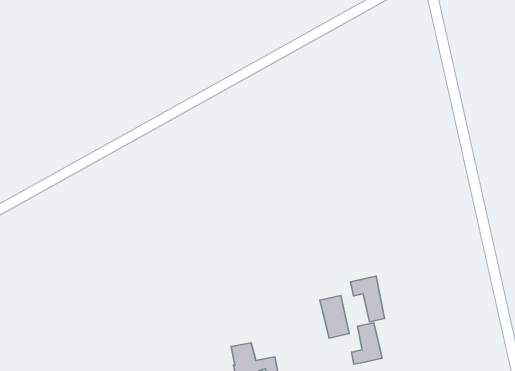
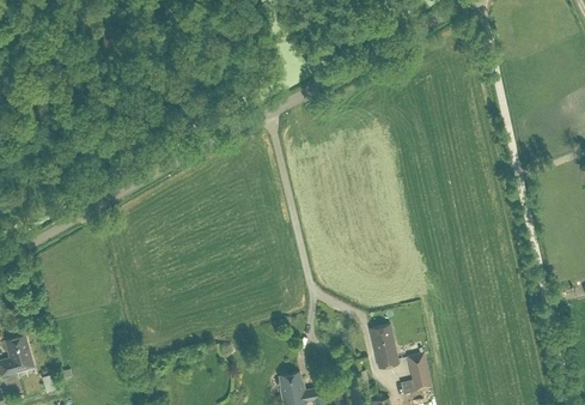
building: [350,276,384,322] -> none

